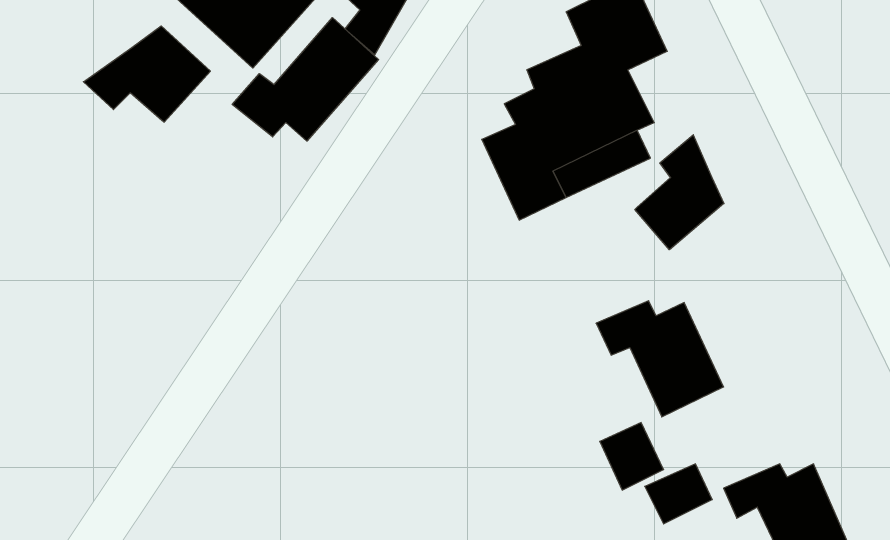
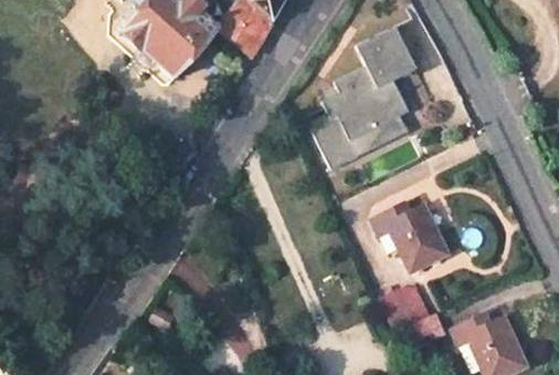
building: [232,18,379,141] -> none
building: [83,26,210,122] -> none
building: [635,135,724,250] -> none

